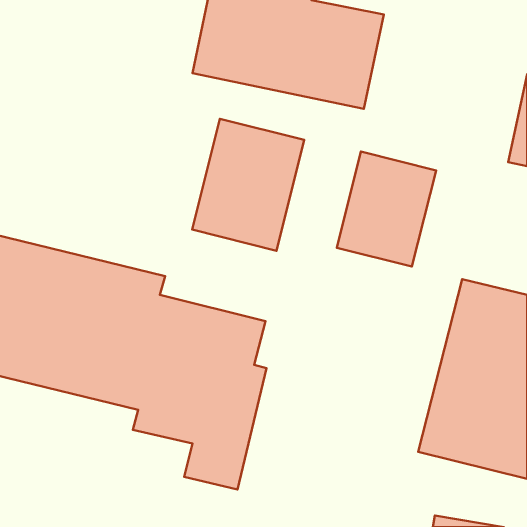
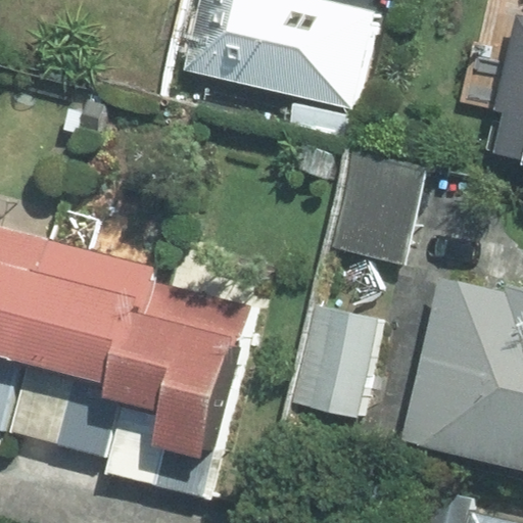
building: [192,119,304,251] -> none
building: none -> [288,291,379,419]

